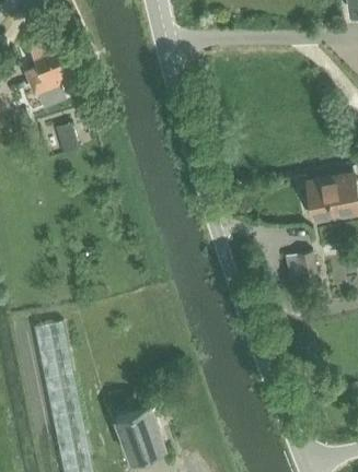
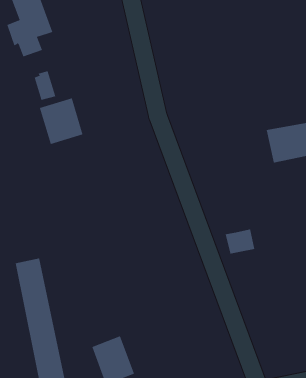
building: none -> [39,98,83,145]
building: [284,251,316,279] -> [225,229,255,254]

